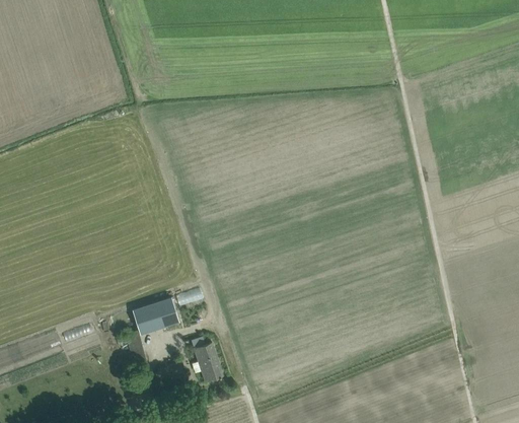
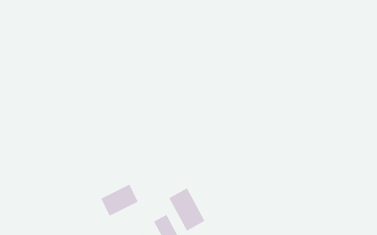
building: none -> [169,188,205,232]

